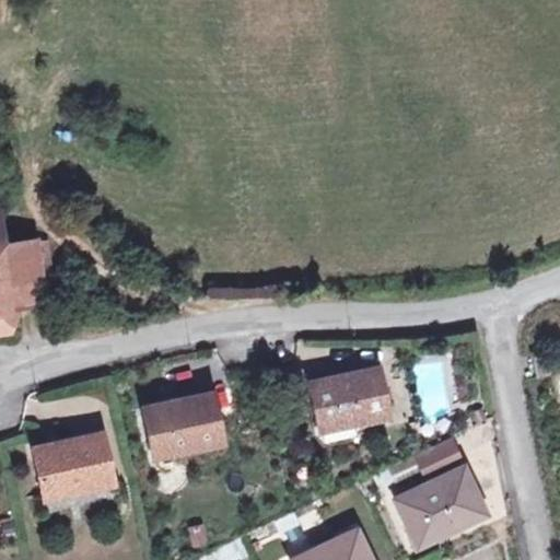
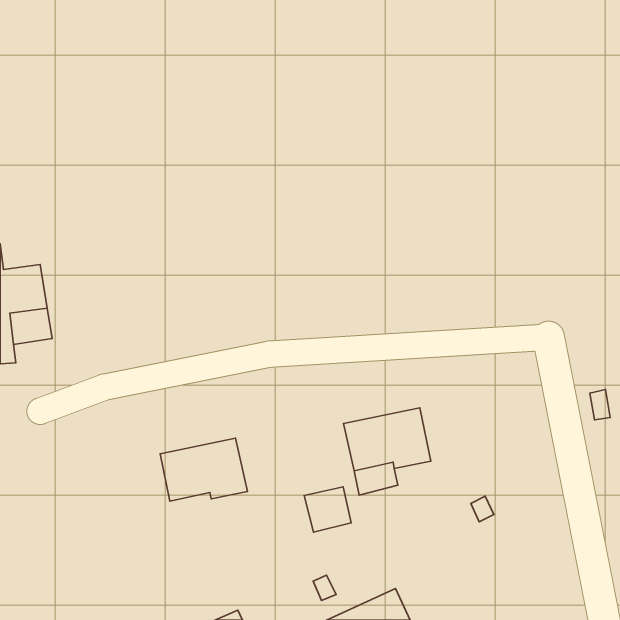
building: [34,434,113,492] -> none
building: none -> [304,487,351,532]
building: [396,469,483,540] -> none

